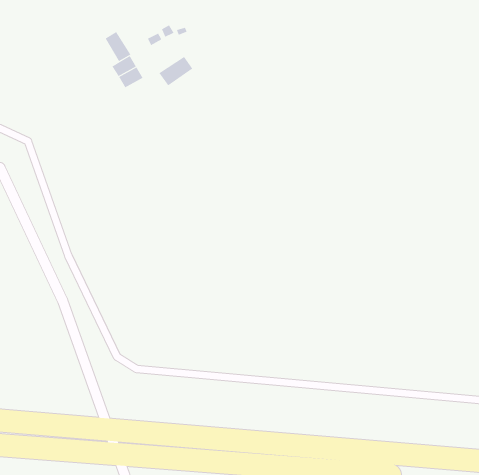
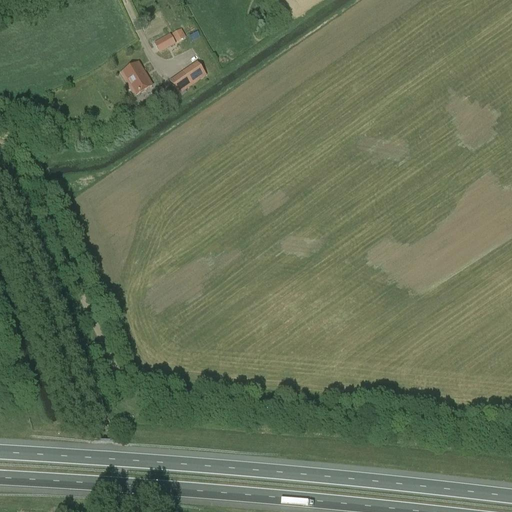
building: [105,31,131,62] -> none

